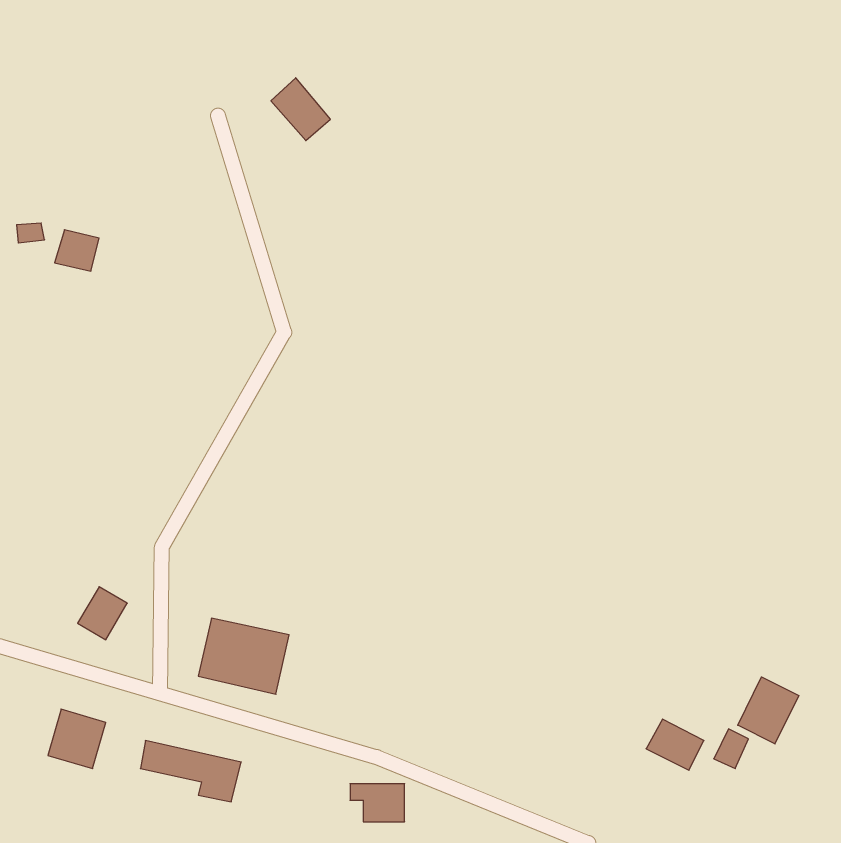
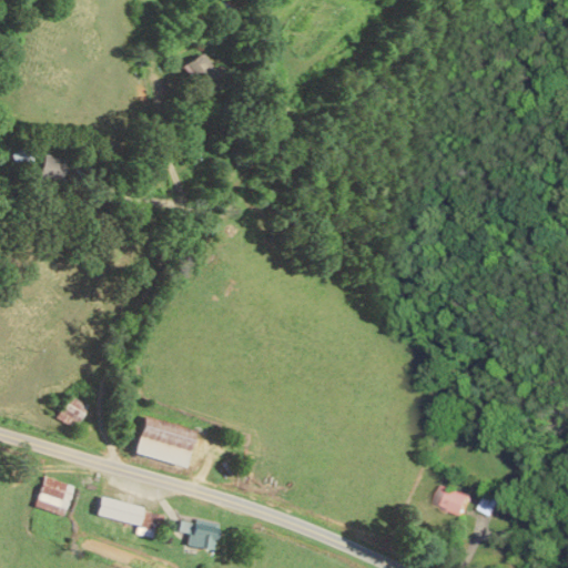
building: [738,677,799,744] -> none
building: [350,784,405,822] -> [180,521,216,547]

